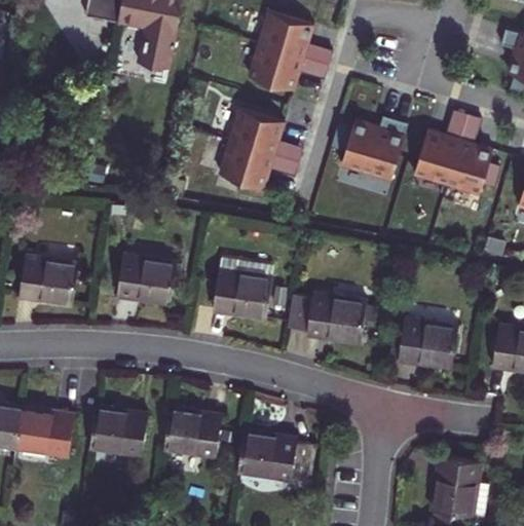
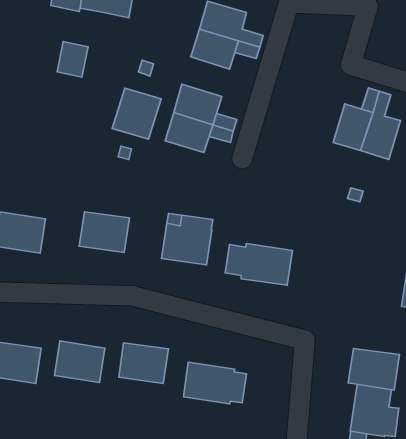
building: [140,26,176,67] -> [57,42,88,77]
building: none -> [112,88,161,139]
building: [330,118,407,182] -> none
building: [399,321,458,369] -> [348,348,399,390]

